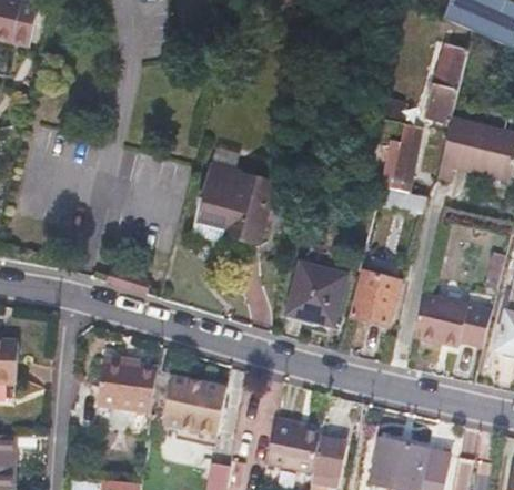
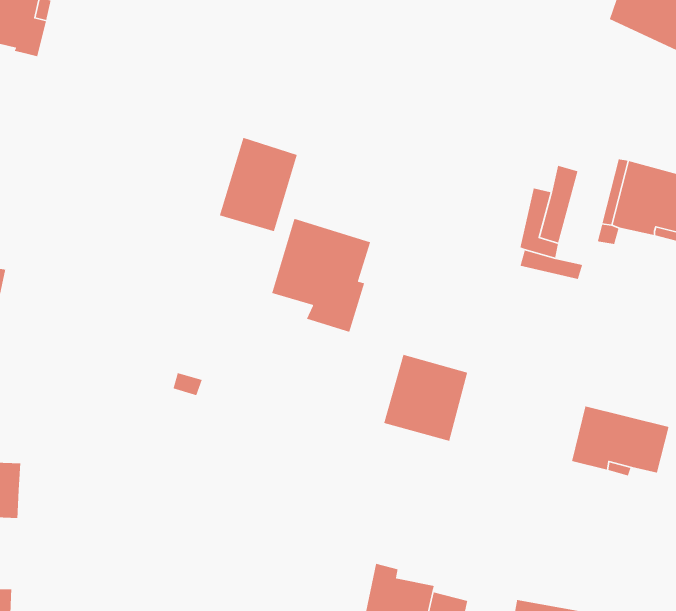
building: [430,44,466,122] -> none
building: none -> [219,137,298,232]
building: [351,264,402,324] -> none
building: [98,358,159,414] -> none
building: [159,372,225,433] -> none

